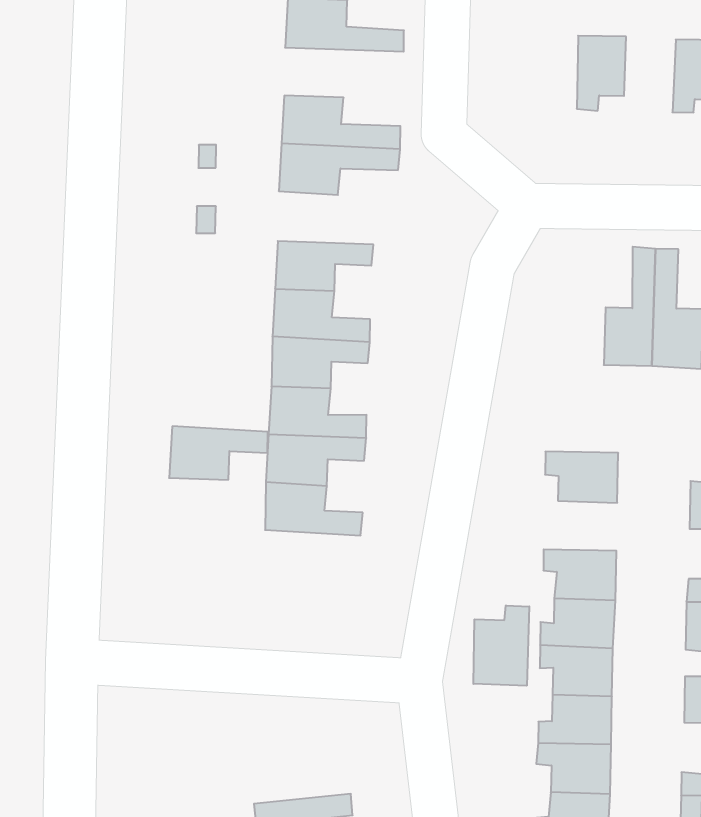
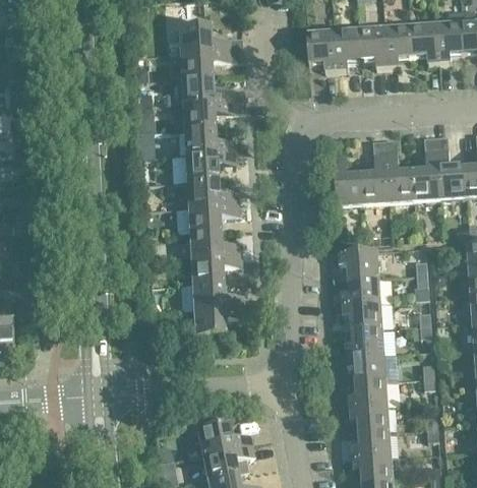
building: none -> [306,29,336,69]
building: none -> [358,26,386,66]
building: none -> [178,47,242,76]
building: none -> [182,126,235,154]
building: none -> [333,152,363,204]
building: [169,426,268,480] -> [192,305,244,334]
building: none -> [340,274,379,303]
building: [473,605,529,686] -> none
building: none -> [195,420,251,452]

